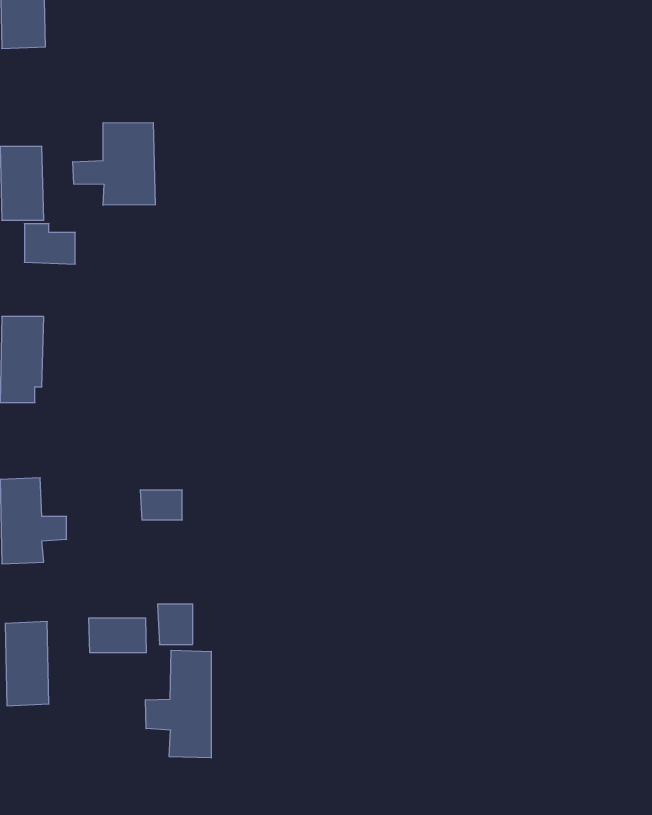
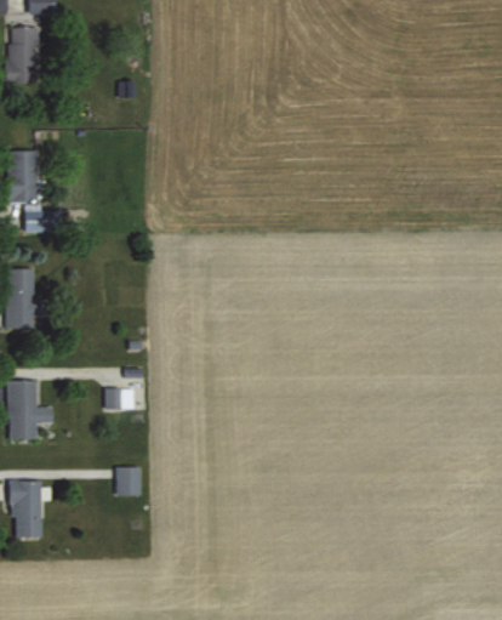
building: [73,123,155,205] -> none
building: [89,618,146,653] -> none
building: [146,650,211,758] -> none

